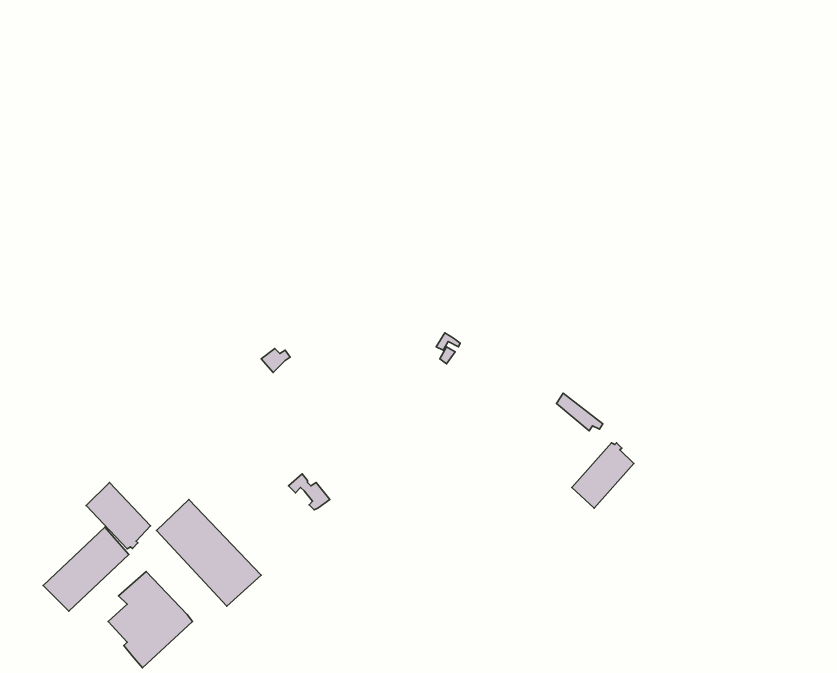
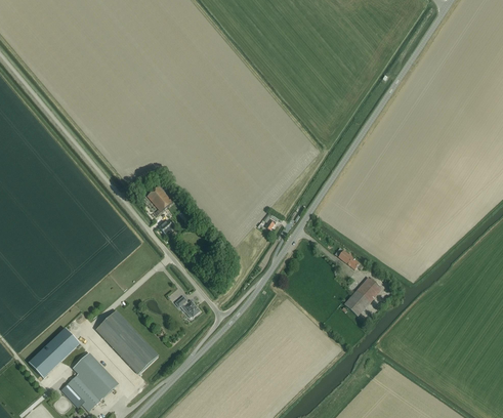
building: none -> [145,185,172,214]
building: [86,482,151,549] -> none

